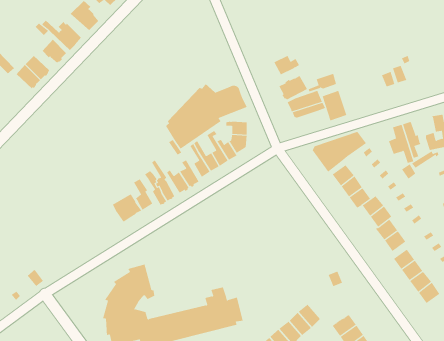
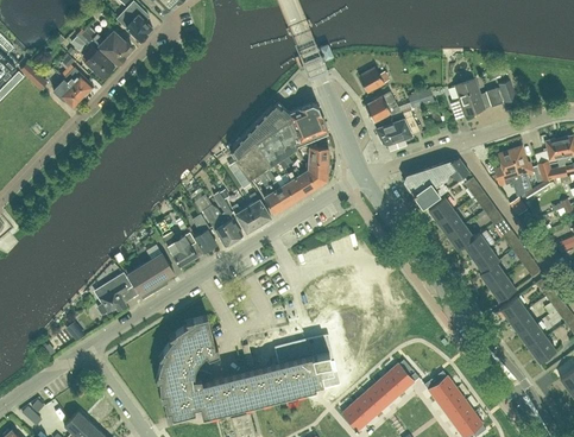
building: [322,90,347,121] -> [455,80,485,116]
building: none -> [127,254,175,299]
building: none -> [99,281,127,315]

